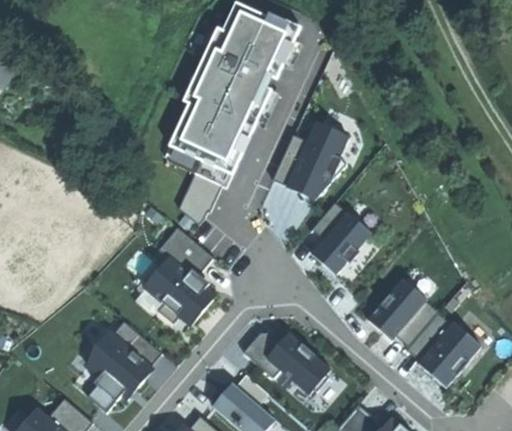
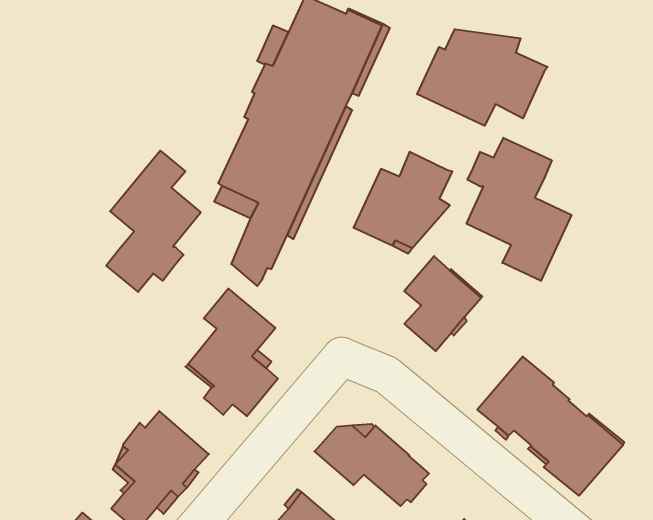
building: none -> [417,29,548,126]
building: none -> [467,138,571,281]
building: none -> [106,151,201,292]

